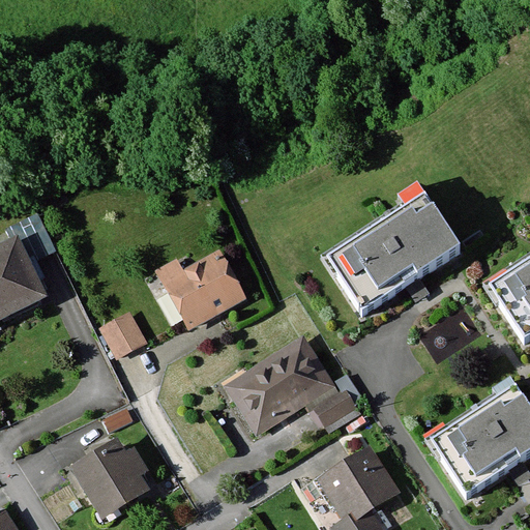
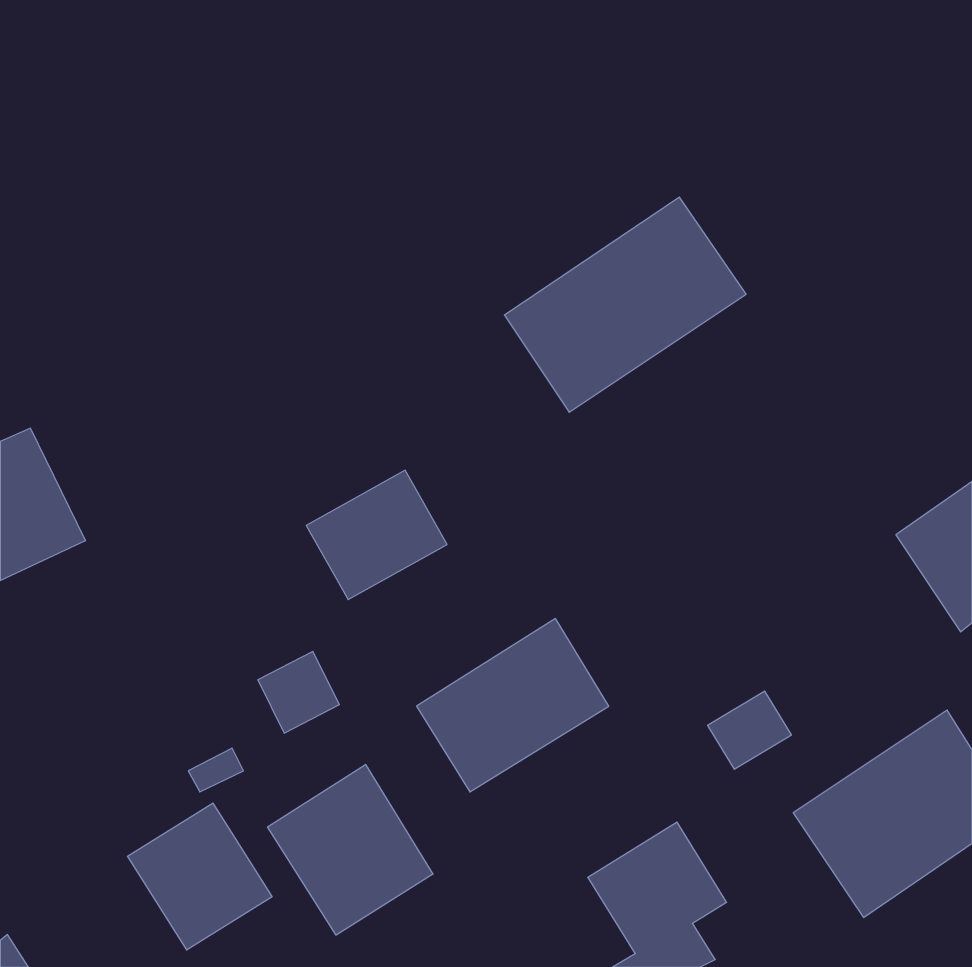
building: [328,199,460,316] -> [504,197,746,412]
building: [101,310,146,354] -> [258,651,339,733]
building: [315,388,360,431] -> [708,691,791,769]
building: none -> [268,764,433,935]

